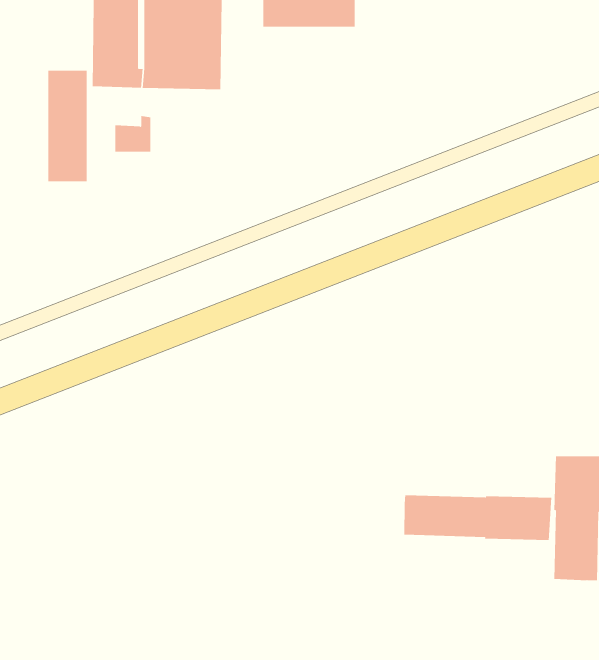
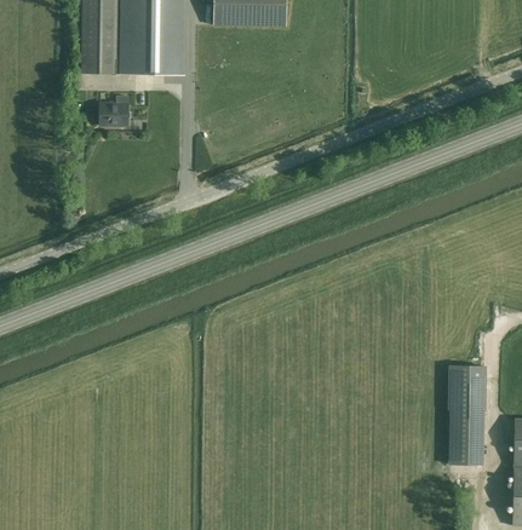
building: [48,70,87,182] -> none
building: [404,494,552,541] -> none

